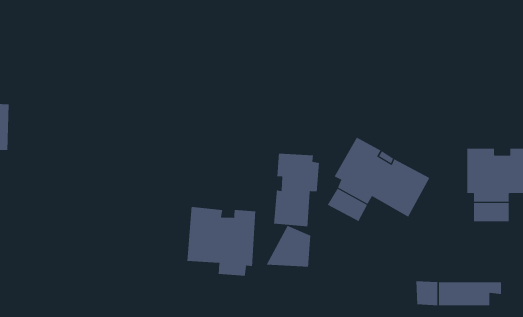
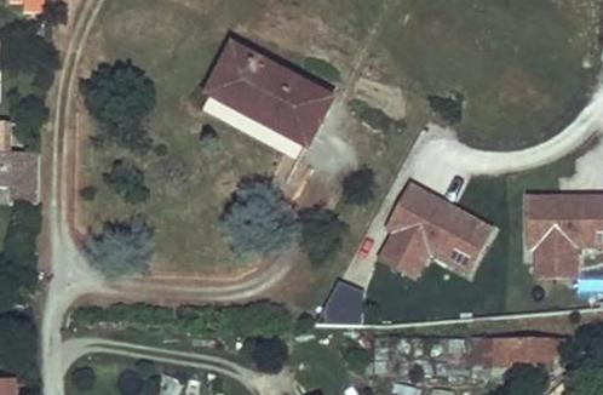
building: none -> [201,47,327,156]
building: [273,153,319,227] -> none
building: [187,206,256,276] -> none

